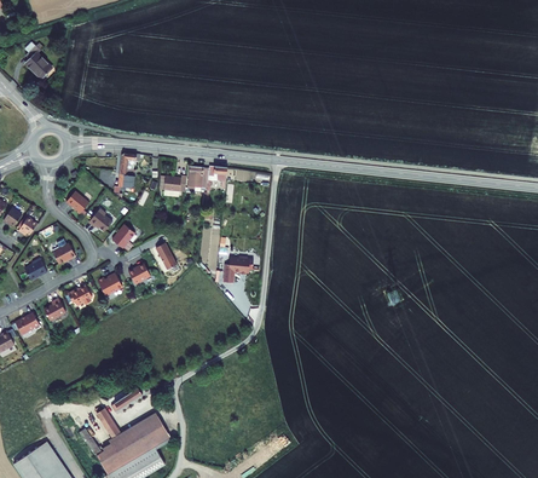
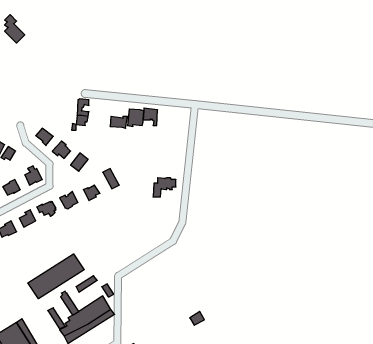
building: none -> [28,254,84,299]

